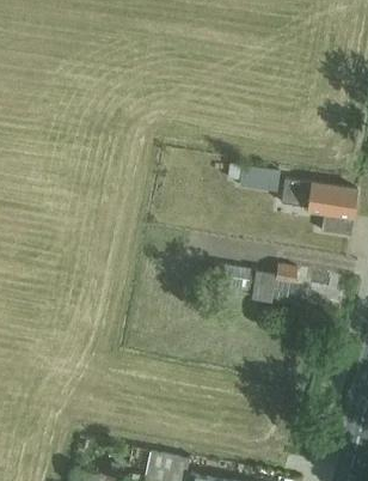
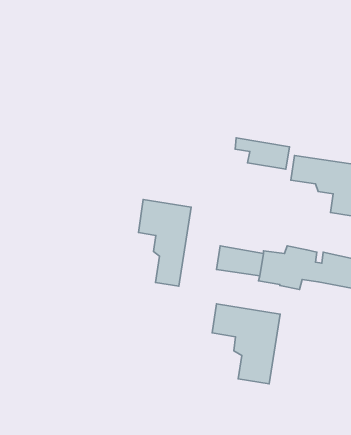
building: none -> [138,200,191,286]
building: none -> [212,304,280,384]

